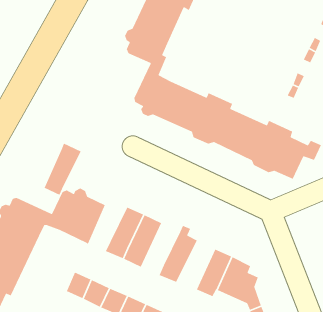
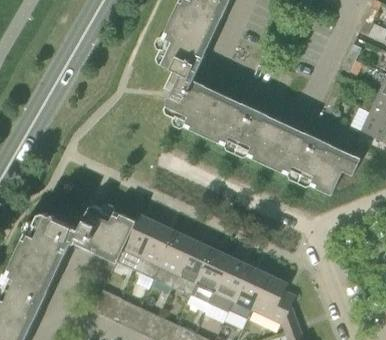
building: [43,142,82,196] -> [118,213,158,269]
building: none -> [173,239,213,294]
building: none -> [210,257,250,311]

